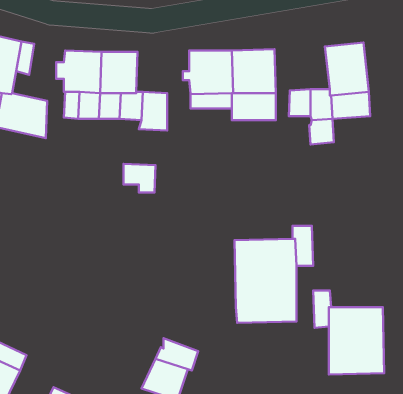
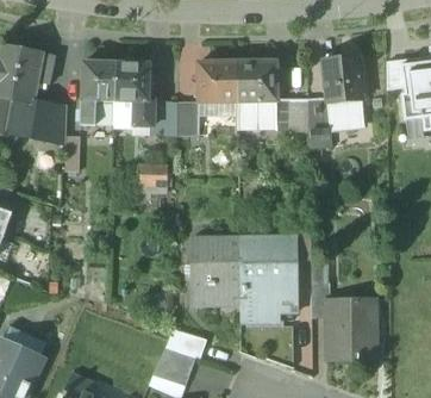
building: none -> [176,100,198,135]
building: none -> [190,236,239,303]

